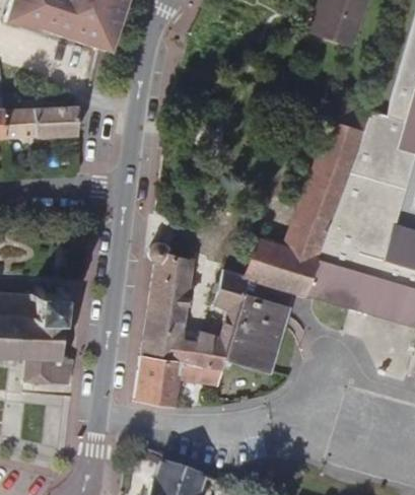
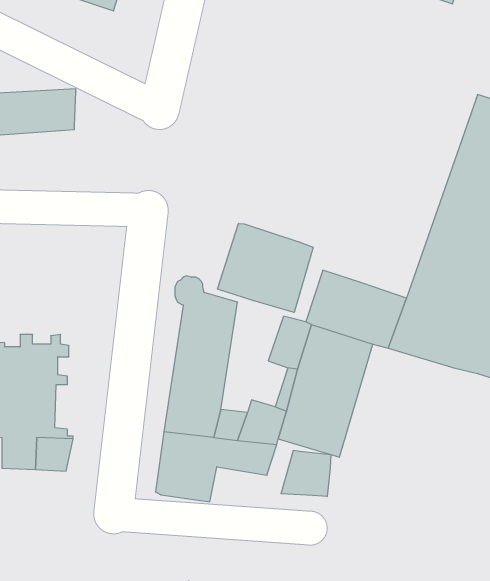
building: [286,102,369,258] -> none
building: none -> [218,223,313,312]
building: none -> [281,450,331,497]

